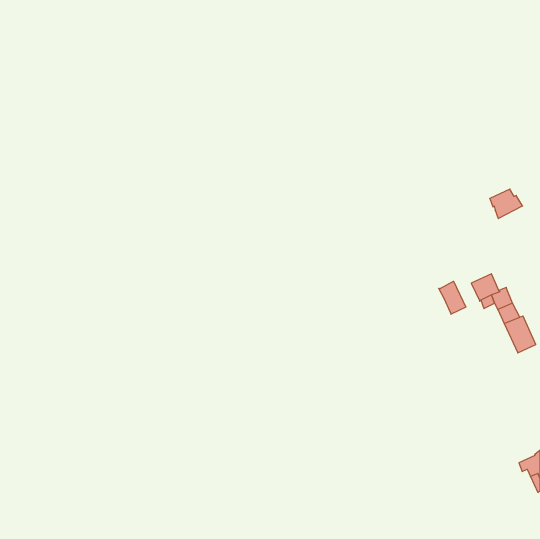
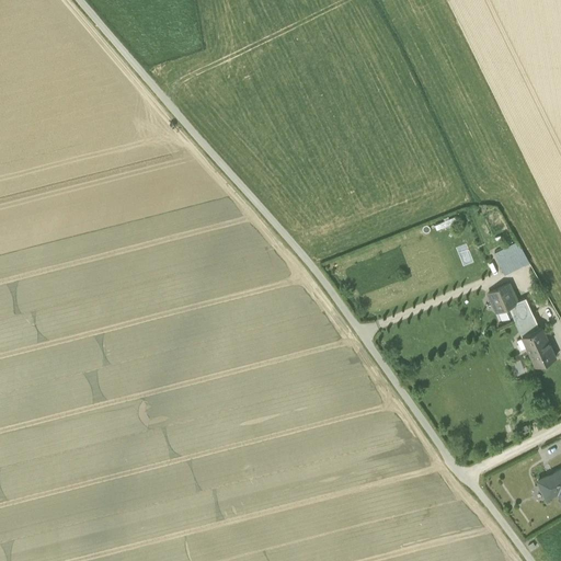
building: [490,189,523,219] -> [495,244,529,275]
building: [439,281,466,314] -> none

